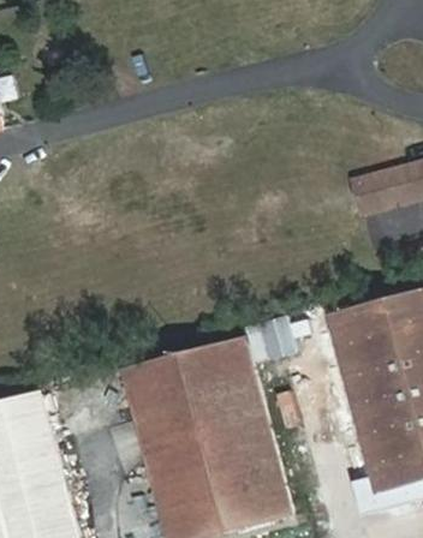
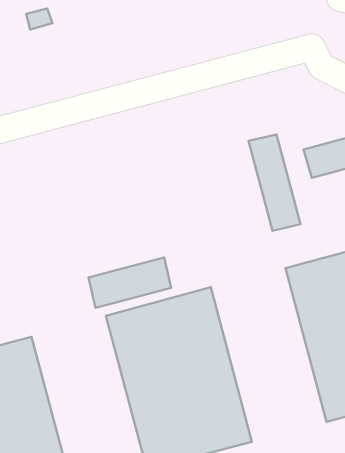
building: none -> [249,134,300,231]
building: none -> [88,257,171,308]

